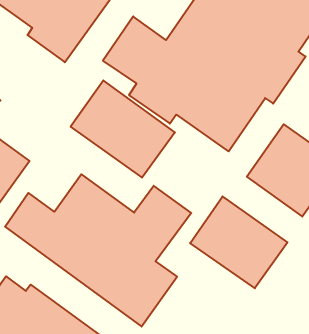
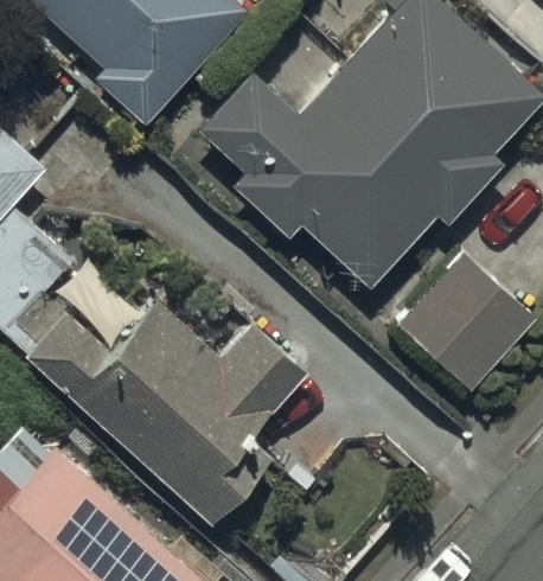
building: [71,80,175,178] -> none
building: [190,196,287,288] -> none

